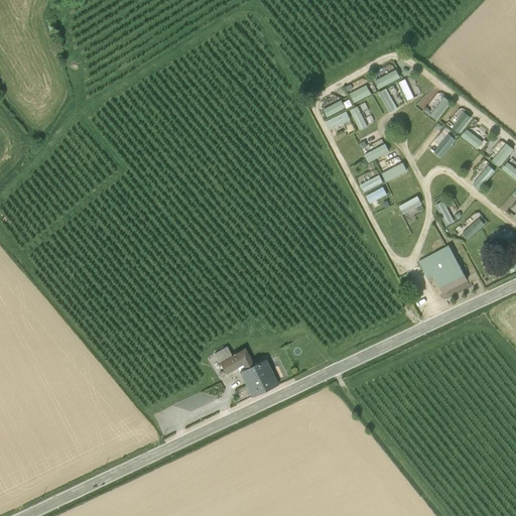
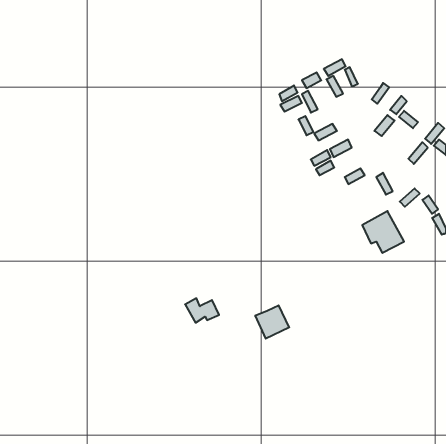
building: [239,358,278,396] -> [255,305,289,339]

